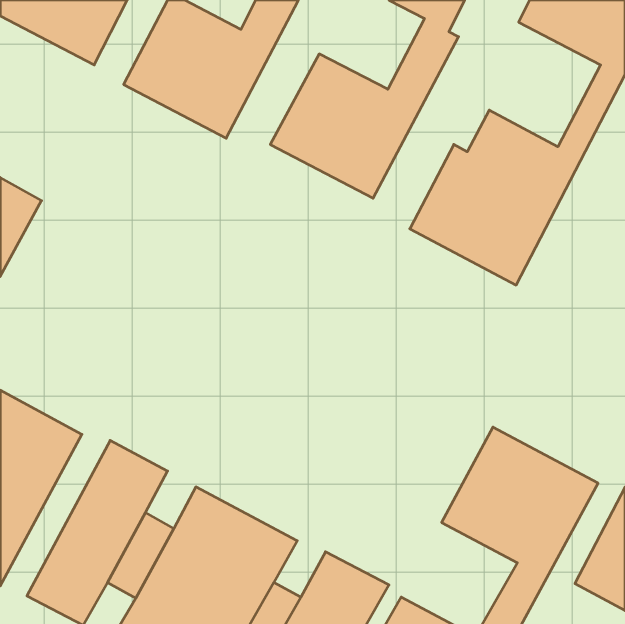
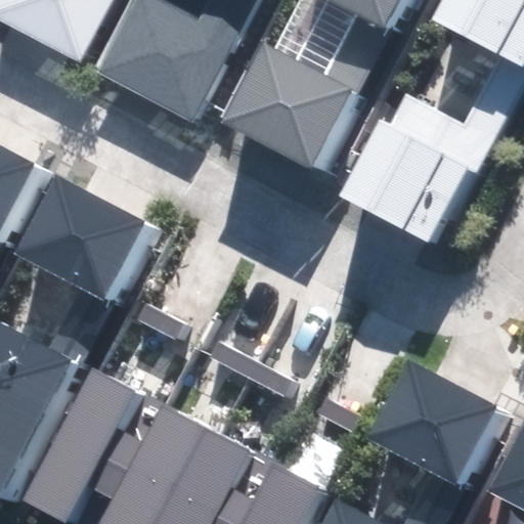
building: none -> [14,179,145,302]

